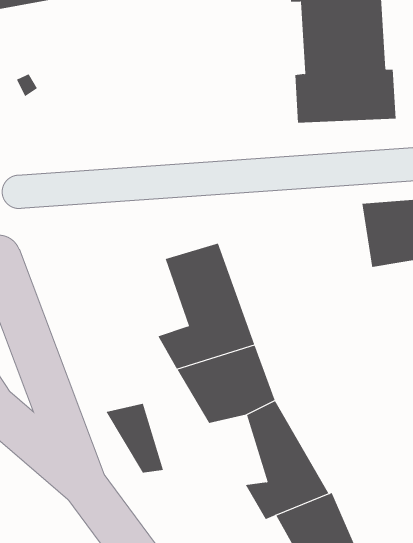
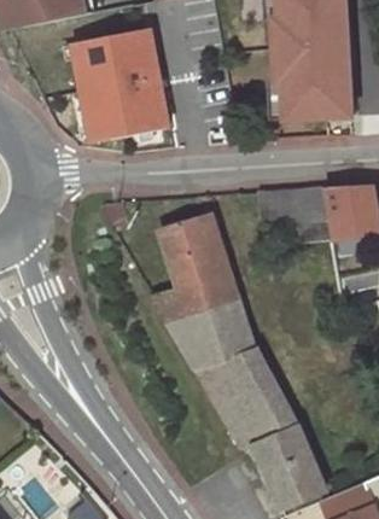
building: none -> [71,28,168,142]
building: none -> [257,187,331,244]
building: [106,403,164,473] -> [196,362,244,420]

